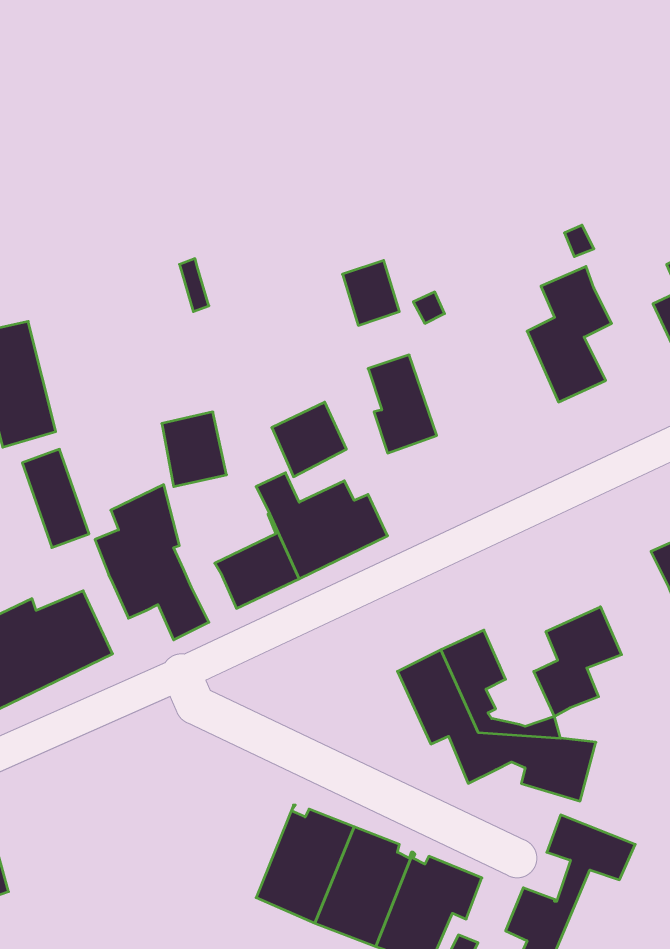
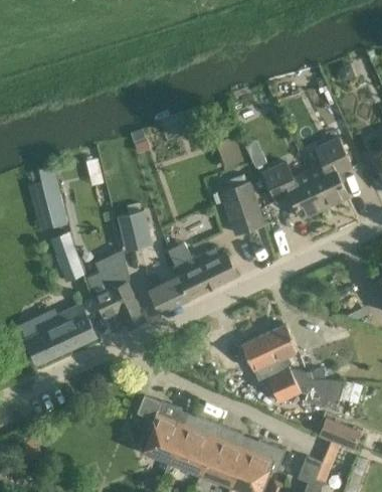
building: none -> [262,162,324,218]
building: [534,607,622,717] -> none
building: none -> [137,396,188,461]

